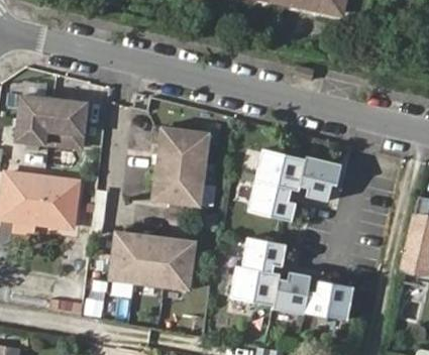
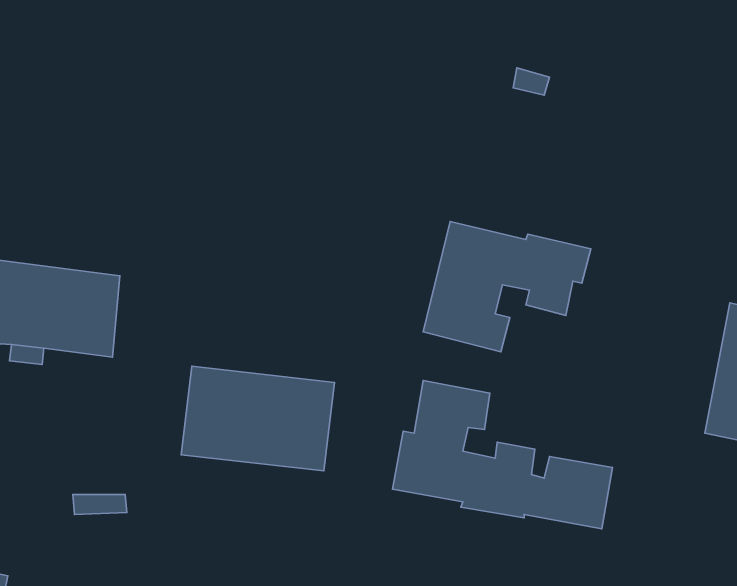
building: [15,97,87,149] -> none
building: [152,127,210,207] -> none

